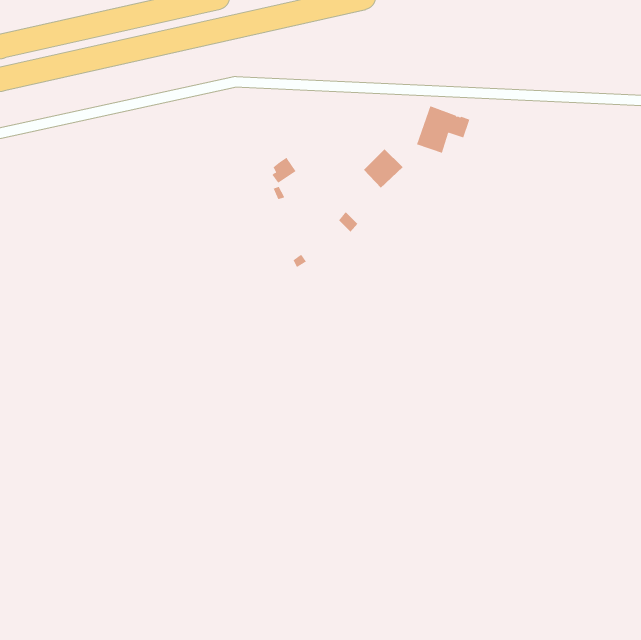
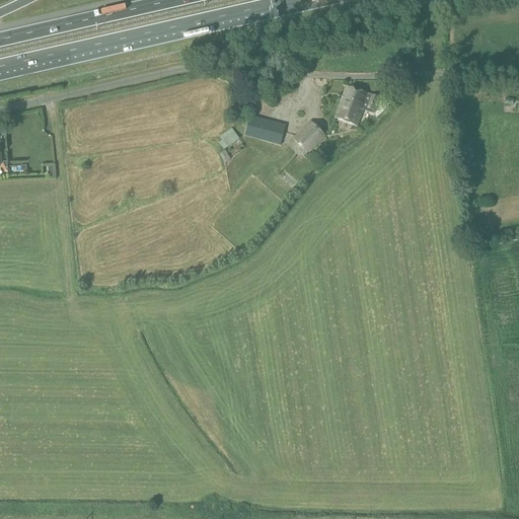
building: none -> [244,115,286,144]

